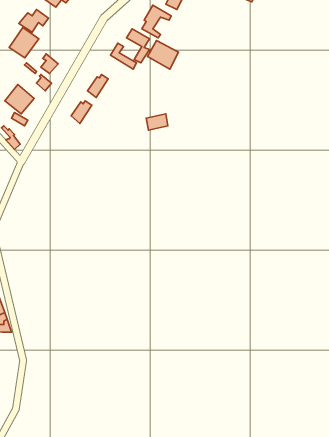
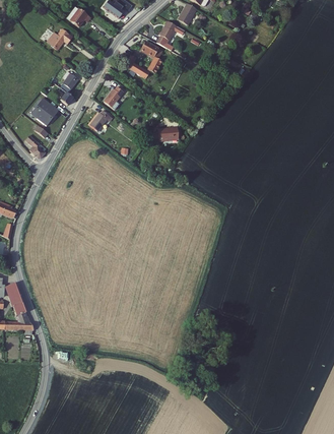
building: [9,27,39,58] -> none
building: [148,41,178,69] -> none

